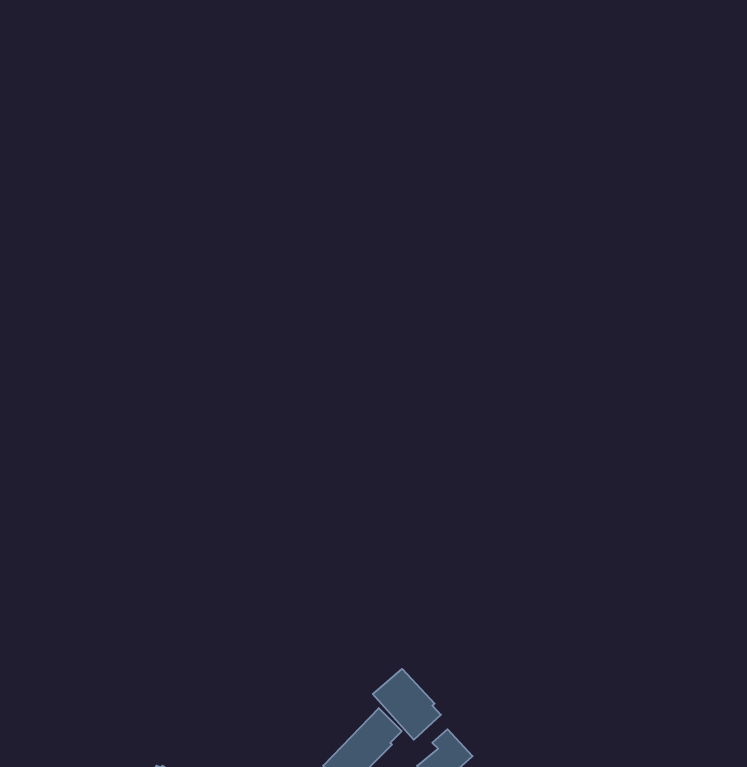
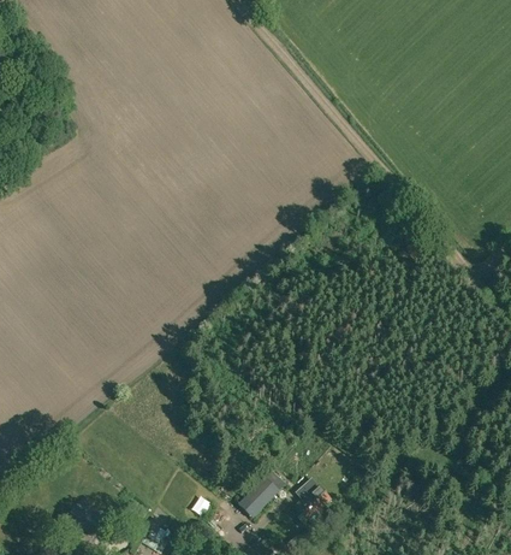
building: [373,669,441,740] -> none

